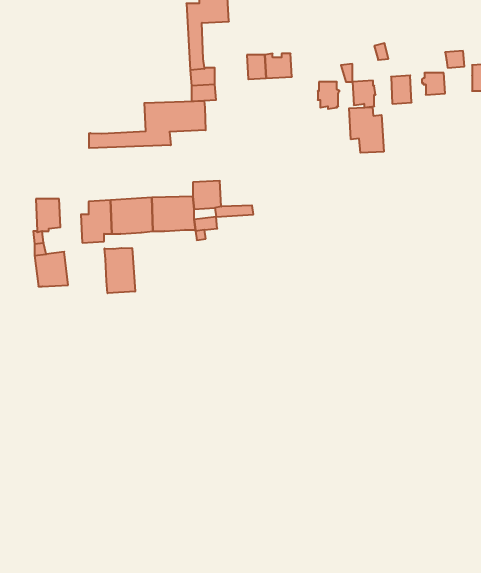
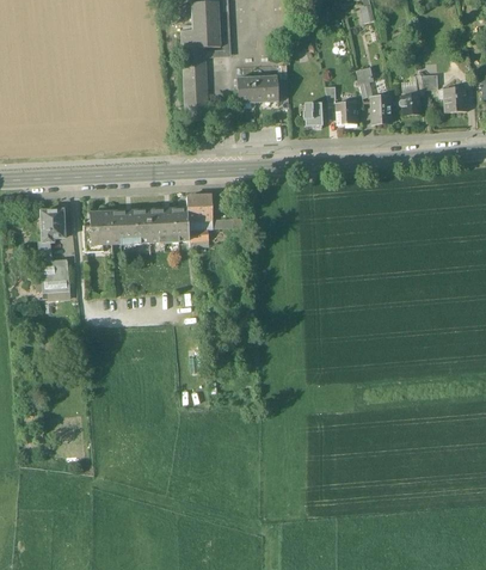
building: [89,101,206,148] -> none
building: [349,107,384,153] -> none
building: [105,248,135,293] -> none

